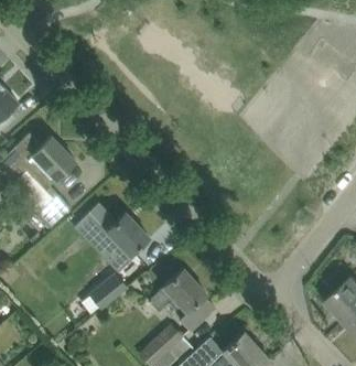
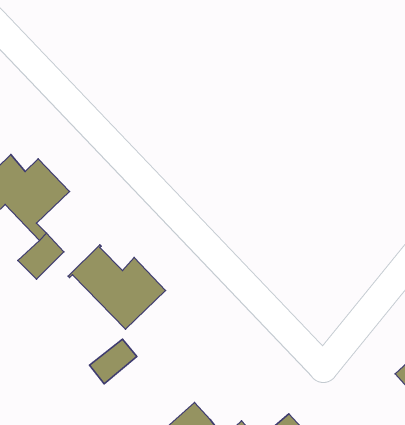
building: [149,269,215,331] -> none

